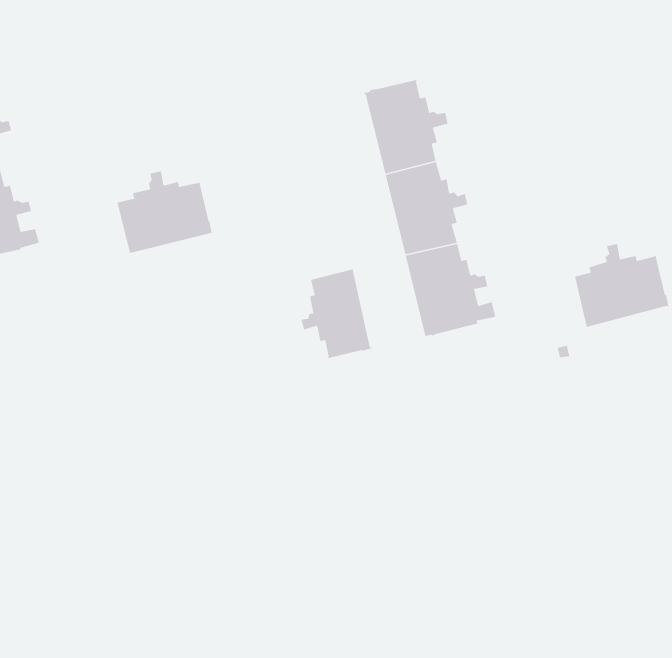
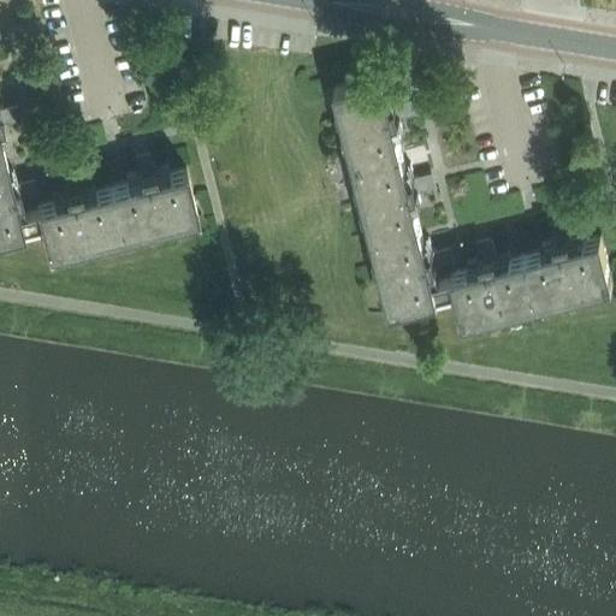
building: none -> [31,189,118,266]
building: none -> [446,256,533,333]
building: [301,269,373,359] -> none

